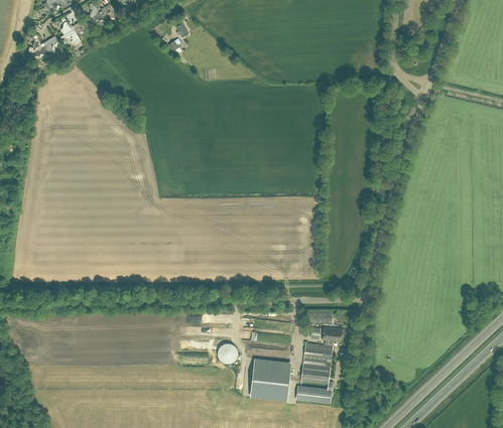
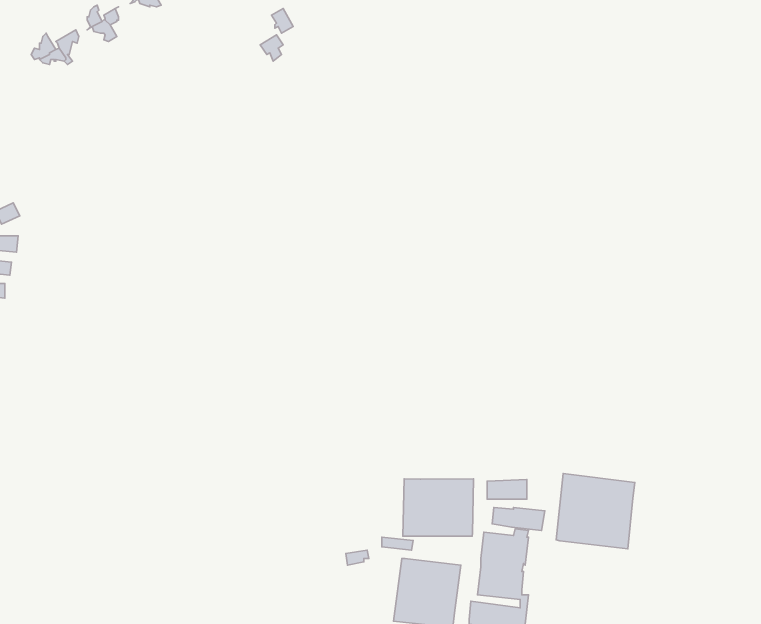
building: none -> [556,474,635,549]
building: none -> [403,479,473,536]

